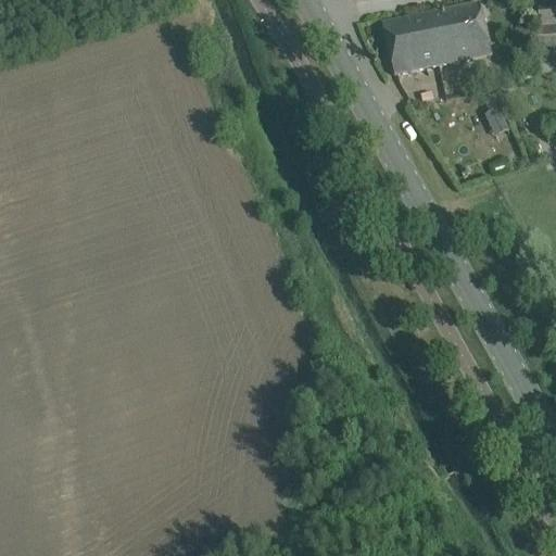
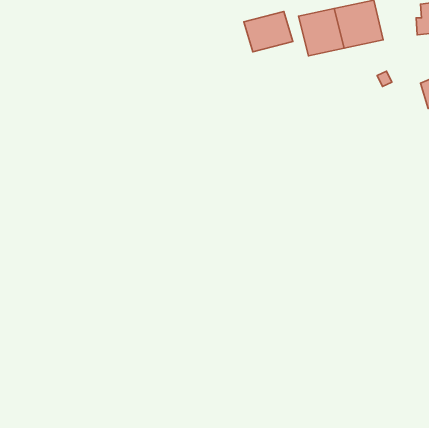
building: none -> [244,11,293,52]

